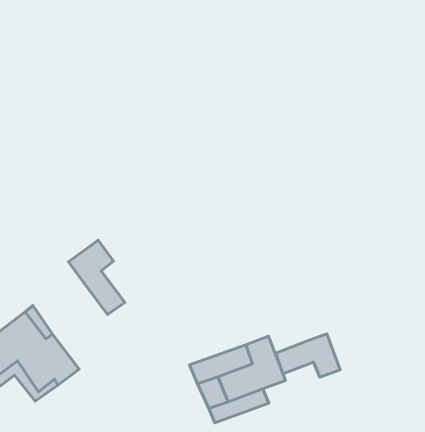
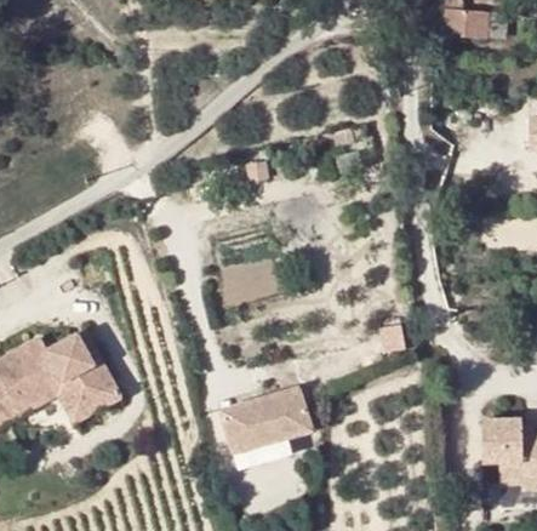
building: [69,240,125,314] -> none
building: [276,334,340,377] -> none

